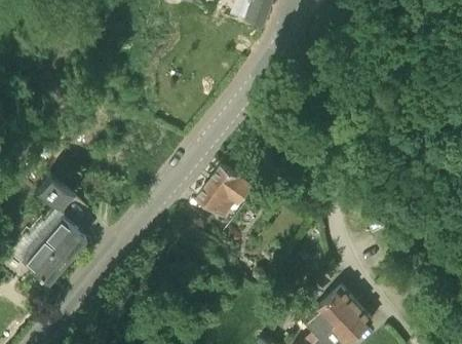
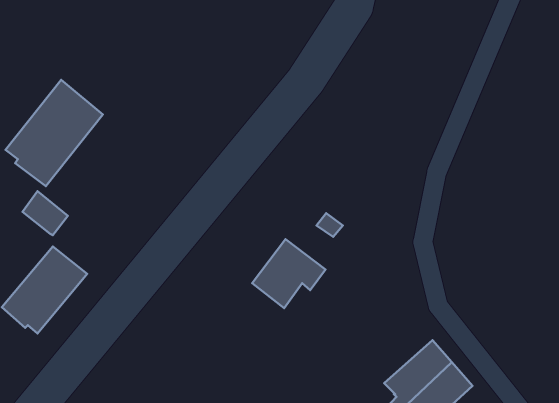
building: none -> [6,80,103,186]
building: [197,166,252,218] -> [252,239,326,308]

